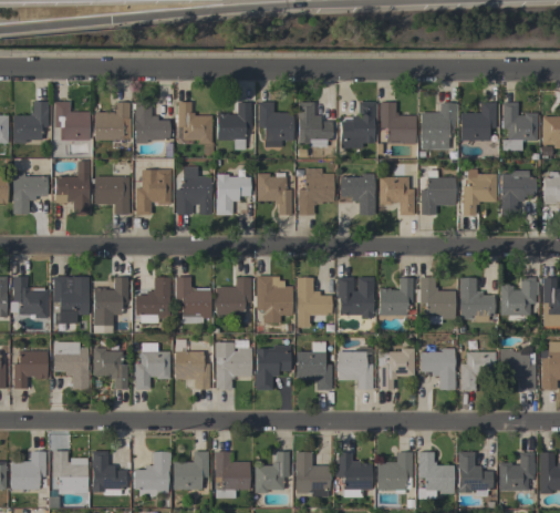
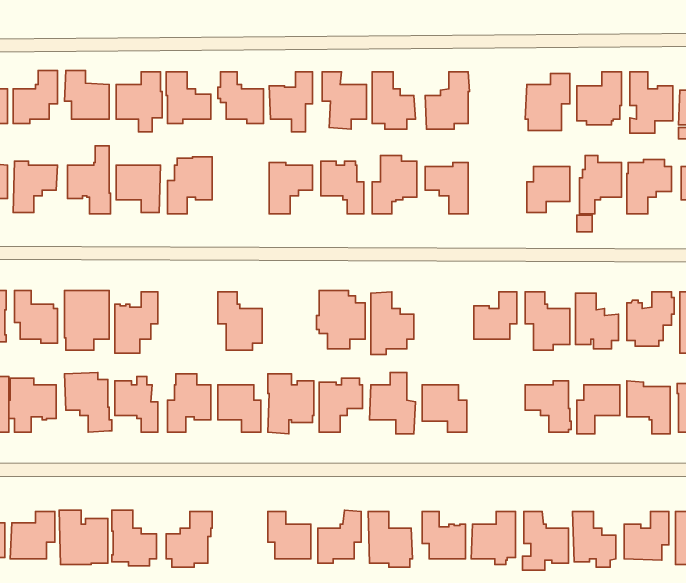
building: [376,102,415,144] -> none
building: [176,166,211,214] -> none
building: [378,176,414,215] -> none
building: [135,277,170,322] -> none
building: [216,277,250,321] -> none
building: [336,277,374,318] -> none
building: [378,348,416,390] -> none
building: [173,451,208,490] -> none

